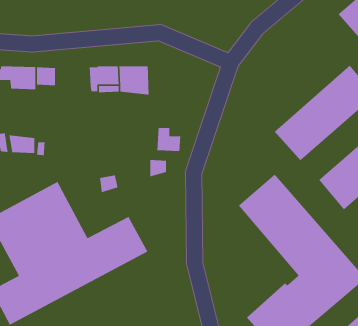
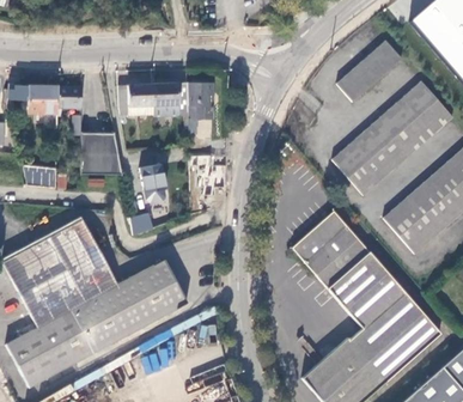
building: none -> [336,42,402,103]
building: none -> [188,83,211,133]
building: none -> [79,133,123,173]
building: none -> [139,164,164,202]

